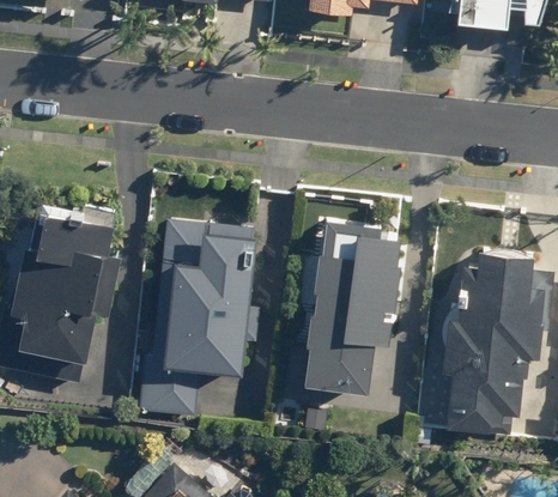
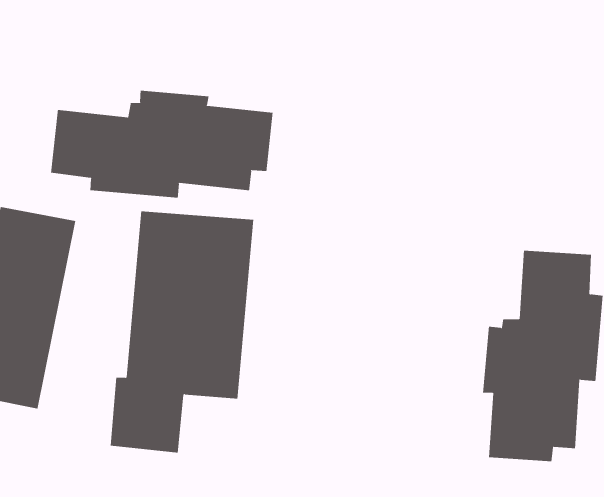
building: none -> [50,90,273,199]
building: [305,223,401,389] -> none

